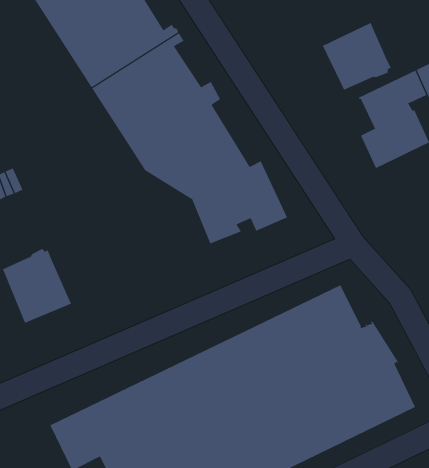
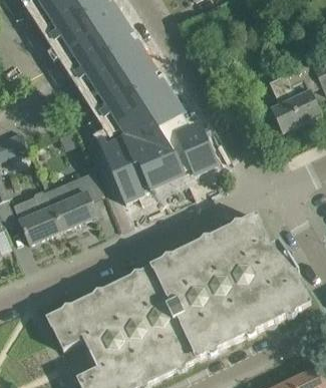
building: [322,22,391,91] -> none
building: none -> [98,133,161,204]
building: none -> [45,170,103,230]

